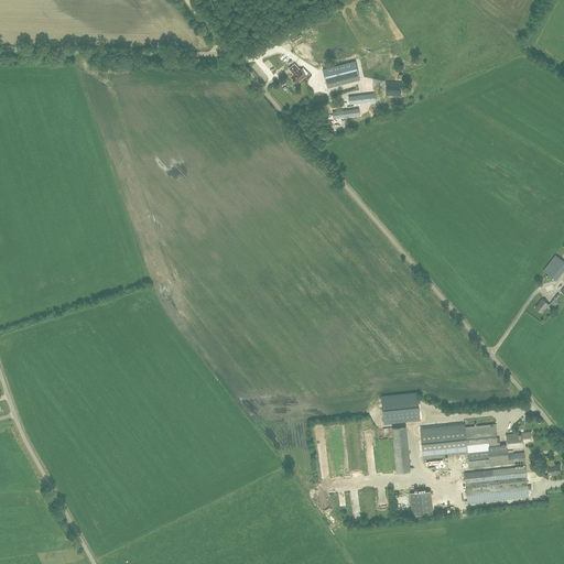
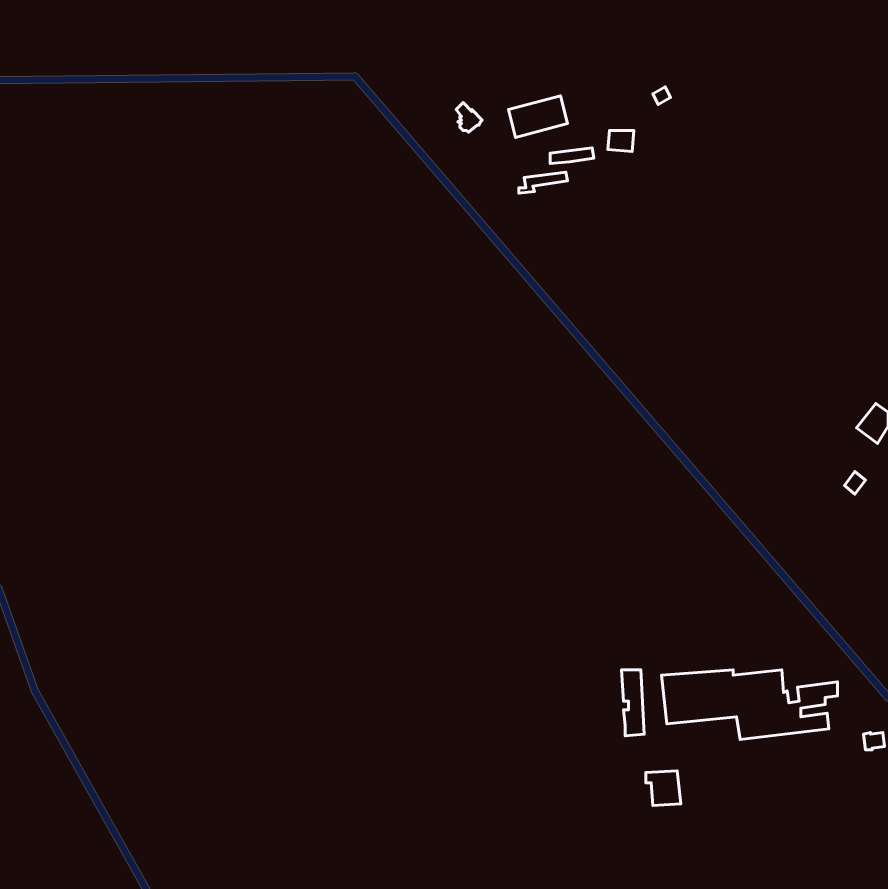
building: [380,393,419,423] -> none
building: [464,466,530,503] -> none

